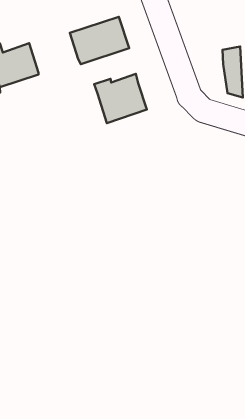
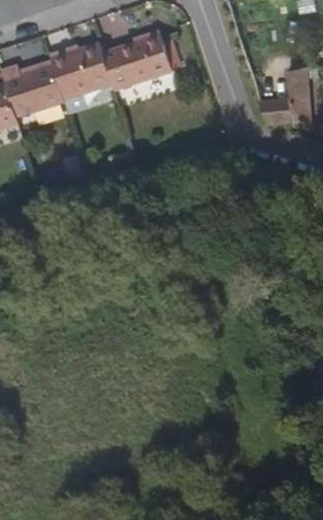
building: none -> [256,90,289,126]
building: [94,74,147,123] -> [48,42,111,101]

